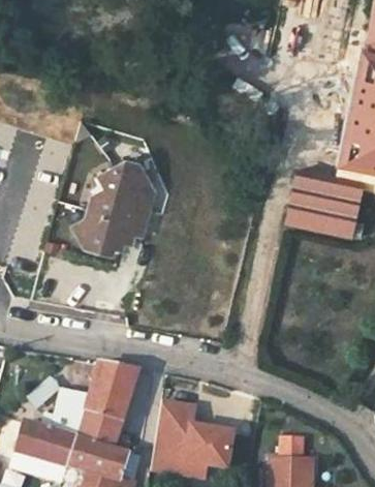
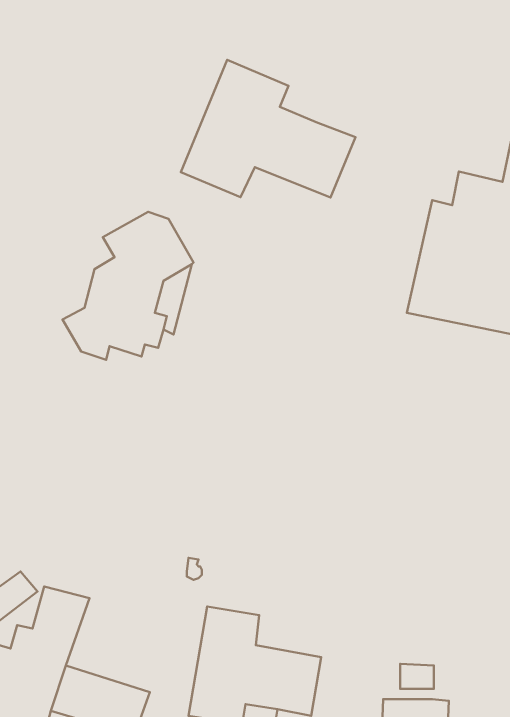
building: none -> [181,60,355,198]
building: [76,362,138,454] -> none

